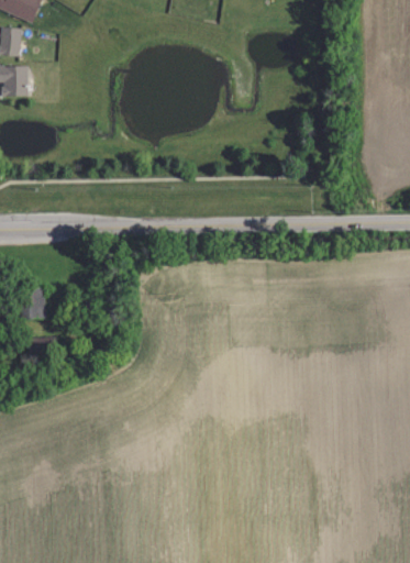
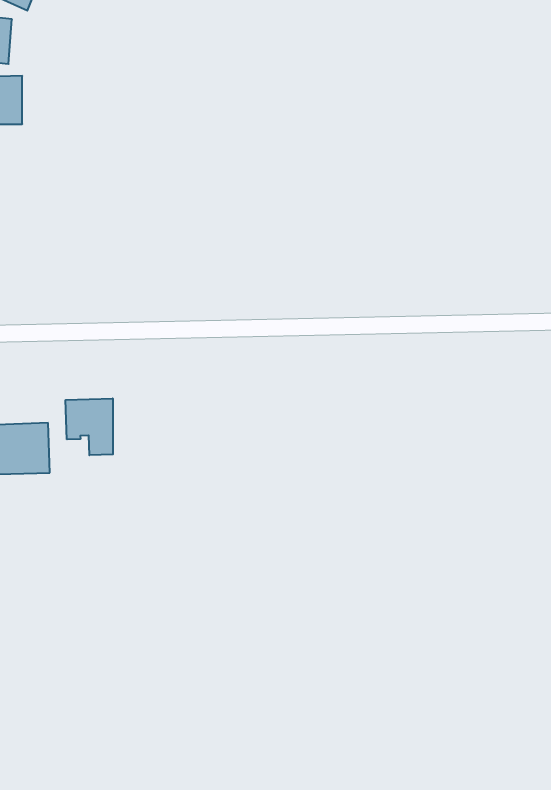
building: none -> [66,398,113,455]

